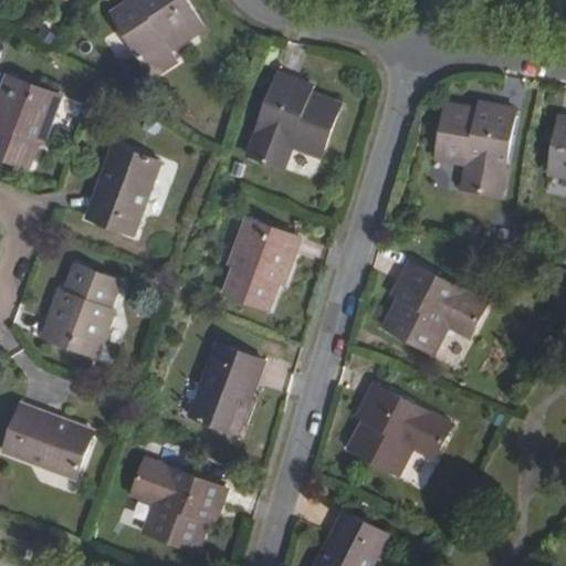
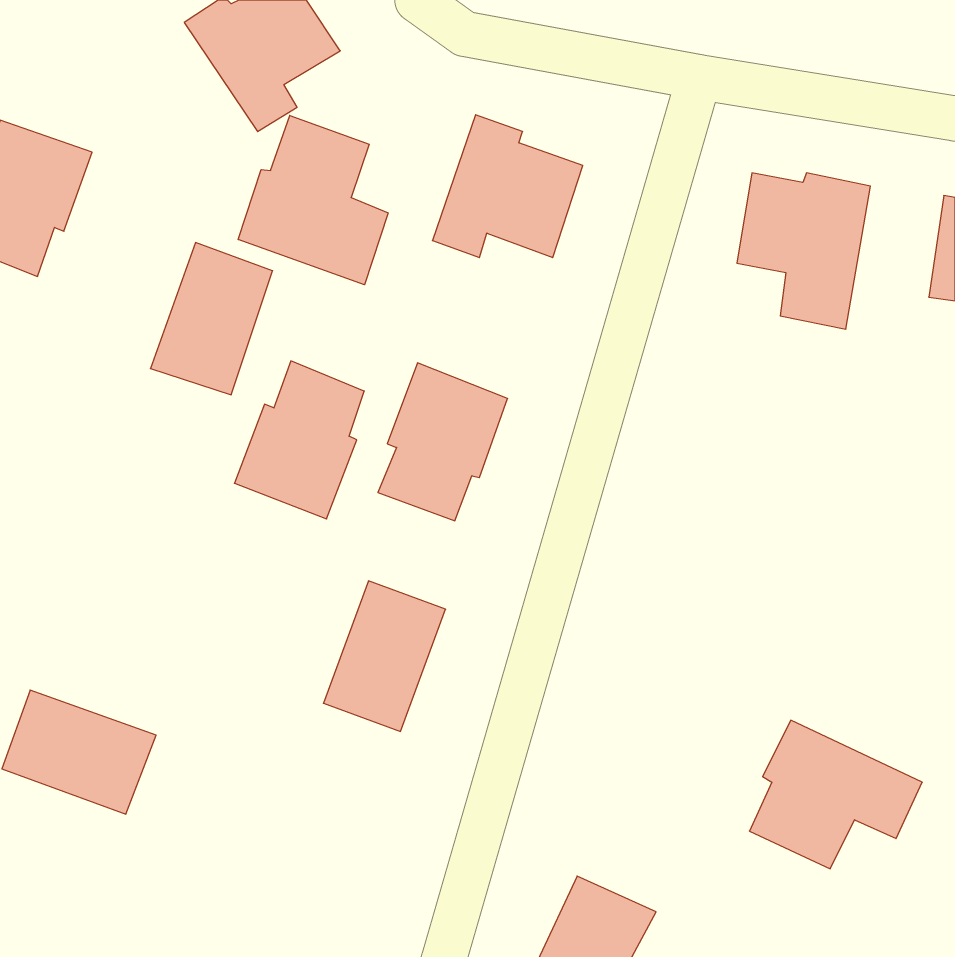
building: none -> [238,115,388,285]
building: [42,263,118,356] -> [234,361,364,519]
building: [382,263,485,354] -> none
building: [349,388,451,475] -> [749,720,922,869]
building: [133,458,226,551] -> none

